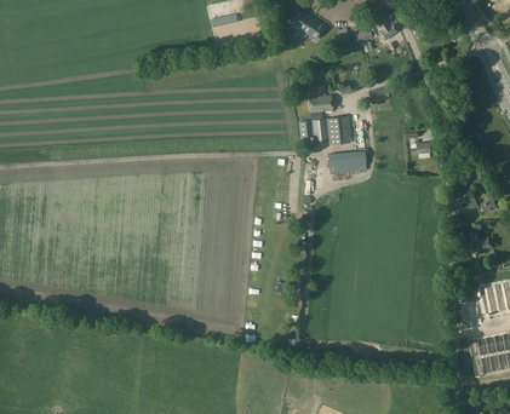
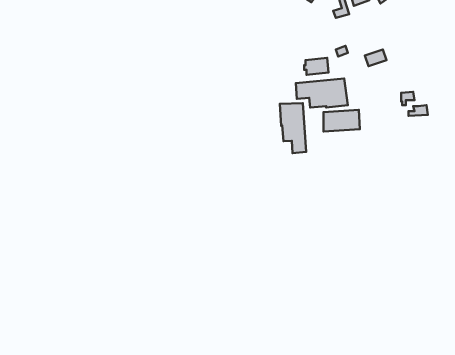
building: none -> [280,103,306,153]

